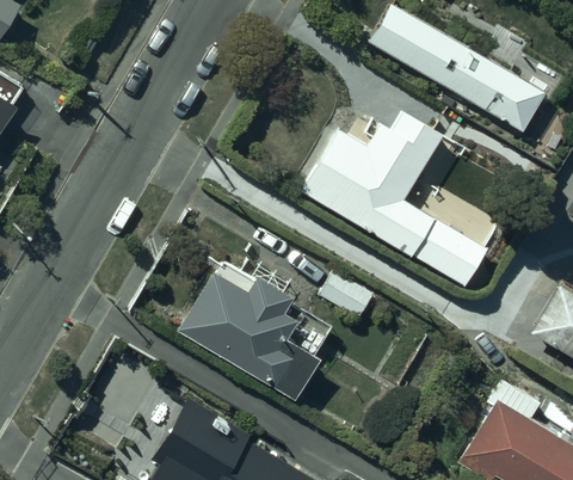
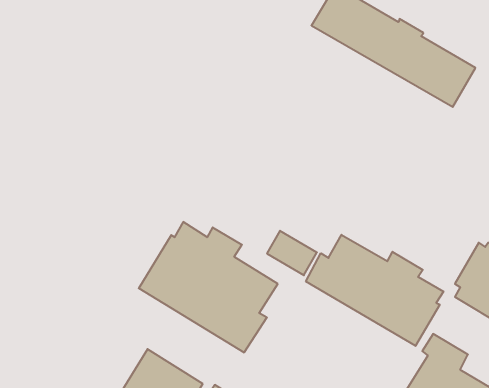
building: [302,96,488,288] -> none
building: none -> [306,235,443,346]

